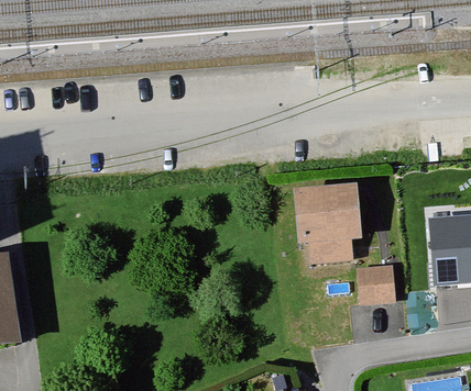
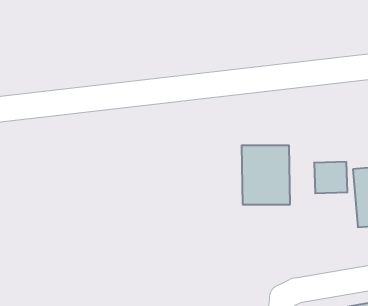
building: [357,266,395,302] -> [314,162,347,193]

